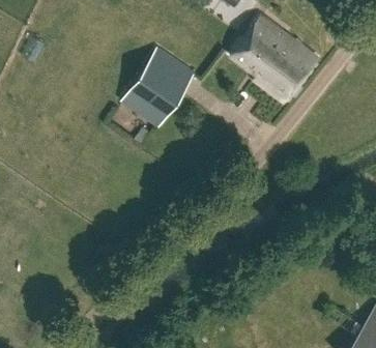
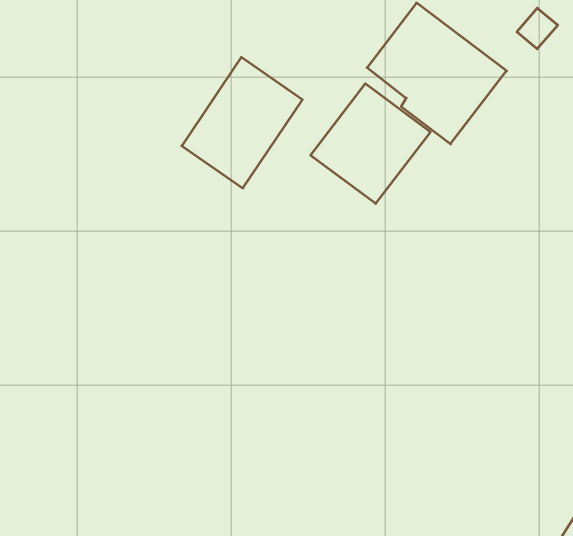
building: none -> [311,84,430,204]

